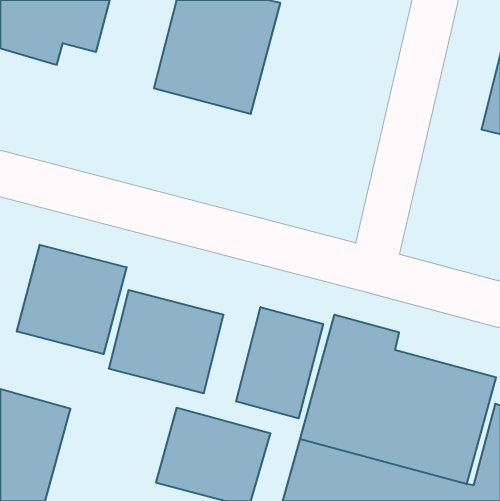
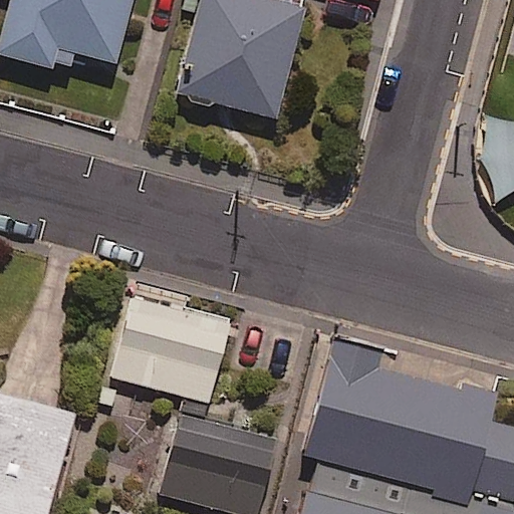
building: [17,245,127,354] -> none
building: [236,307,323,418] -> none

